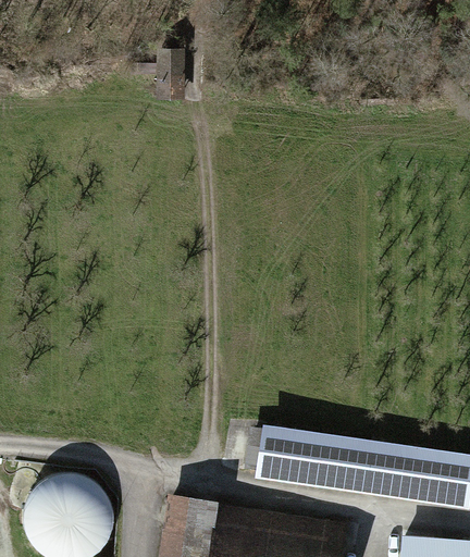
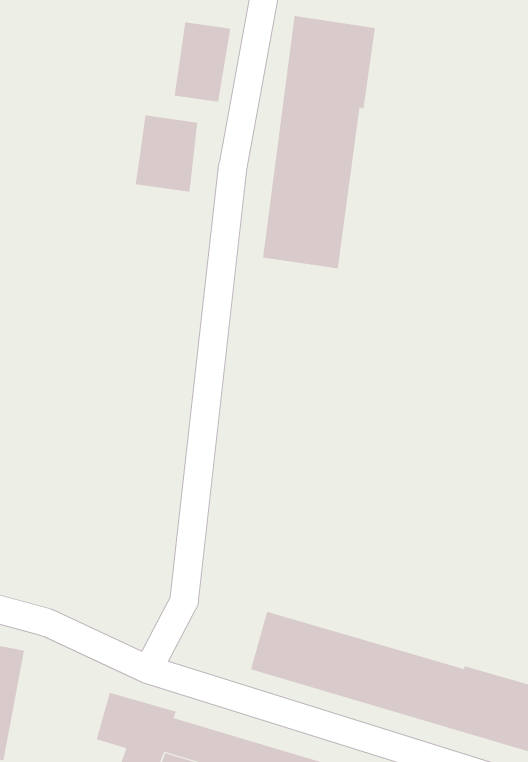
building: none -> [263,15,376,269]
building: none -> [135,115,198,192]

